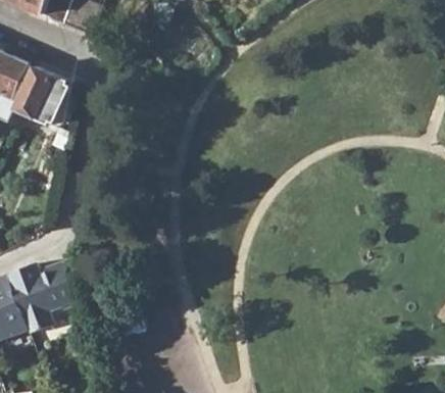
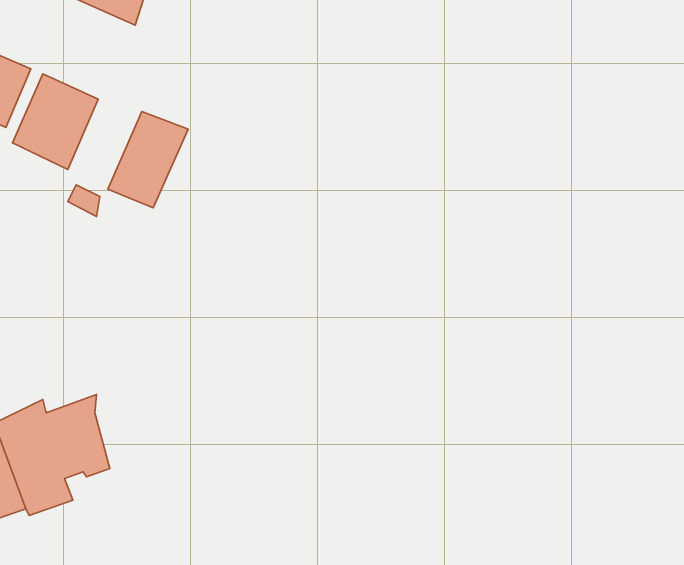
building: none -> [108,112,188,208]

